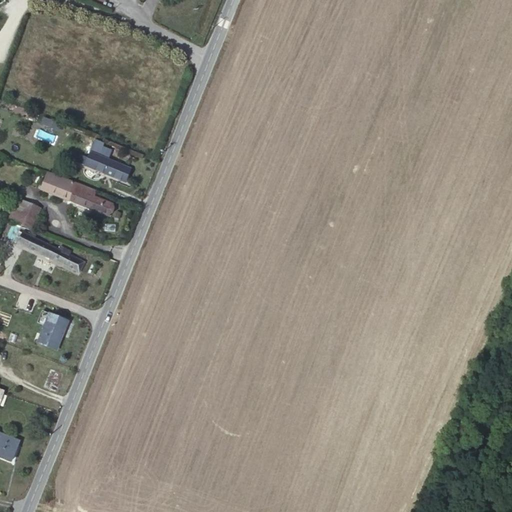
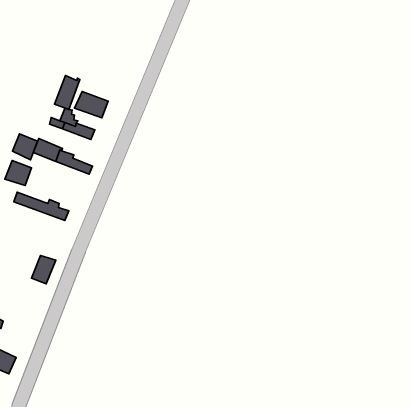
building: none -> [54,76,80,109]
building: none -> [75,91,108,118]
building: none -> [12,134,37,160]

